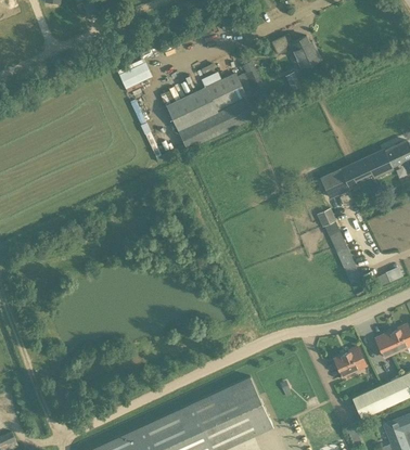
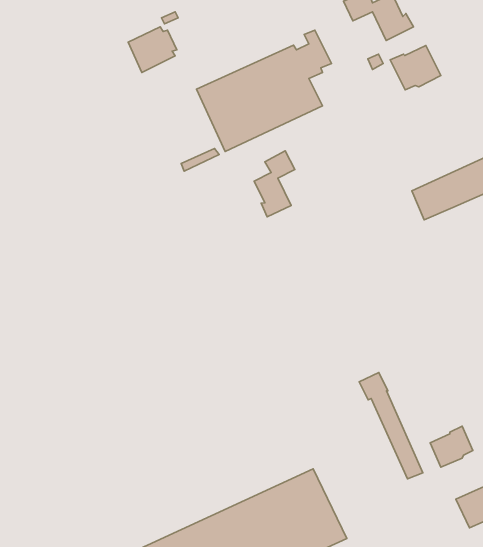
building: none -> [390,46,441,90]
building: none -> [254,151,295,217]
building: [316,208,361,284] -> [359,373,423,479]

